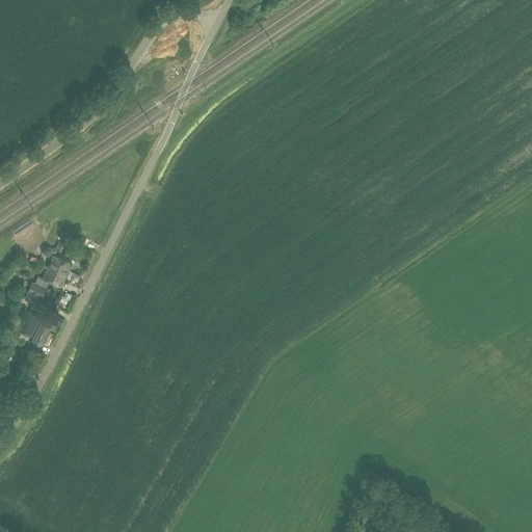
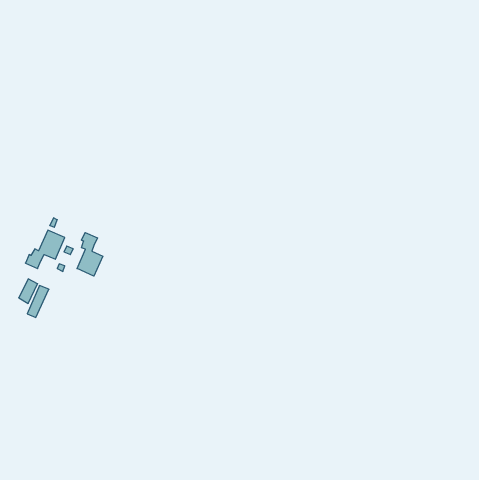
building: none -> [77,233,103,276]

